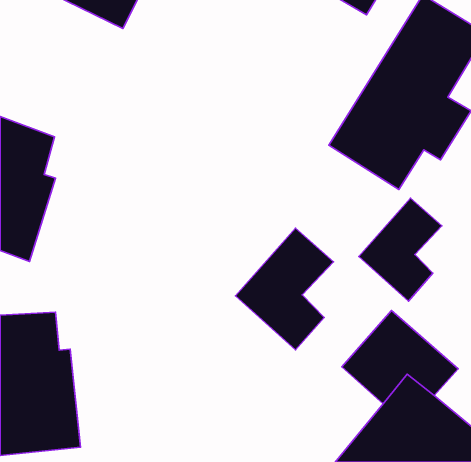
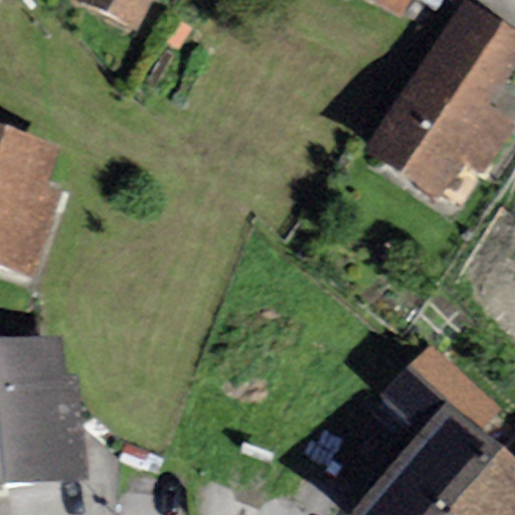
building: [359,198,442,301] -> none
building: [236,228,334,350] -> none

